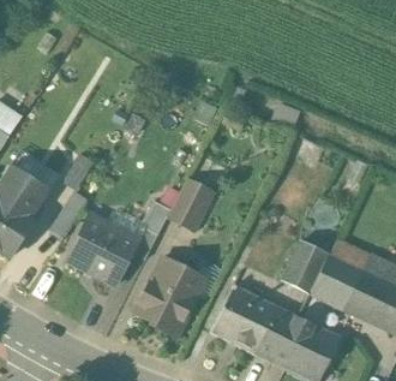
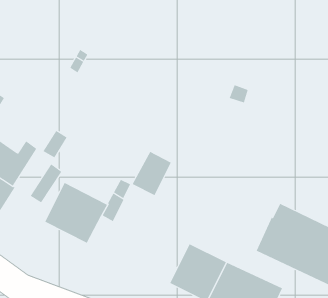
building: [281,240,328,293] -> none
building: [134,257,204,337] -> none

